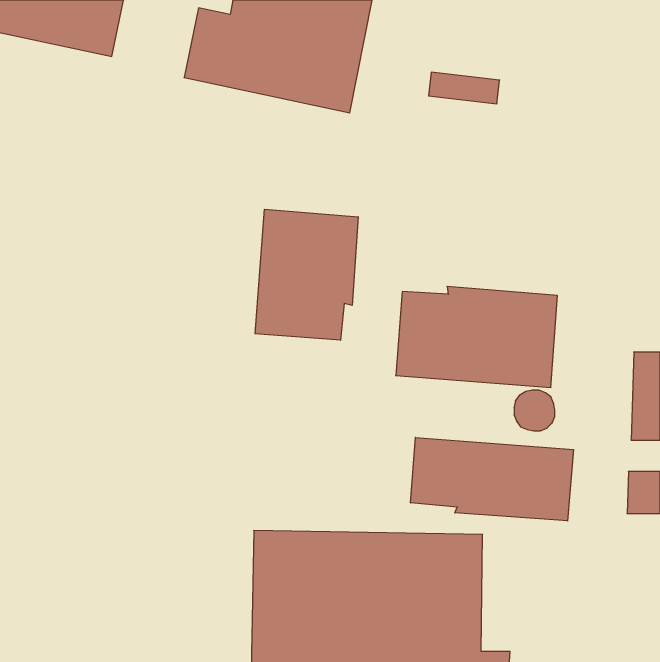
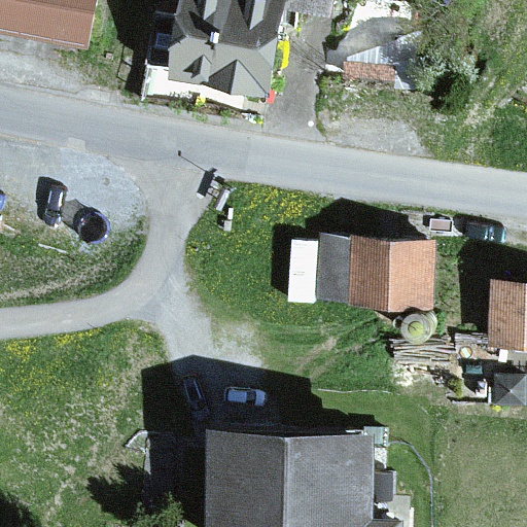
building: [255,209,358,340] -> none
building: [411,437,573,521] -> none

